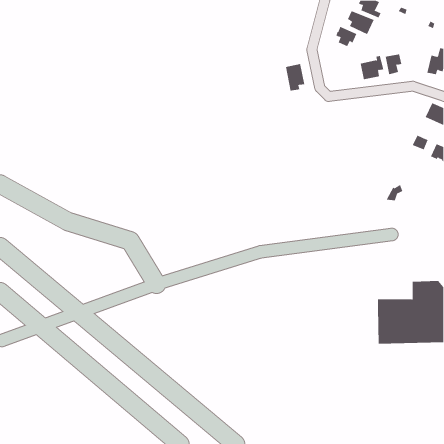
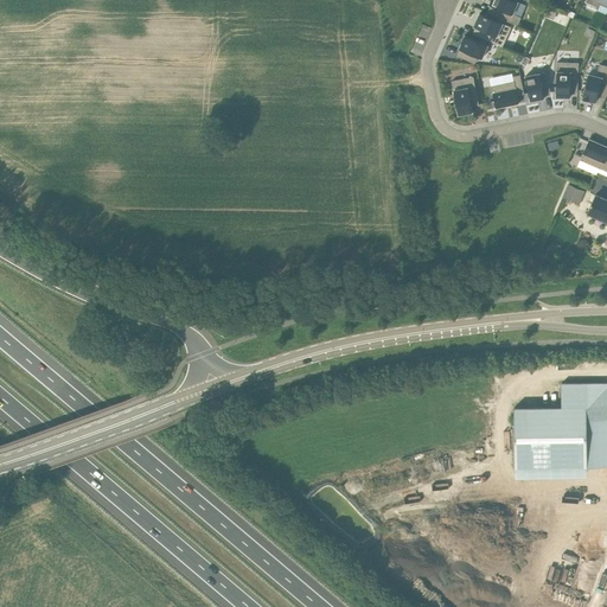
building: none -> [556,63,579,97]
building: [285,64,305,91] -> [452,77,479,115]

